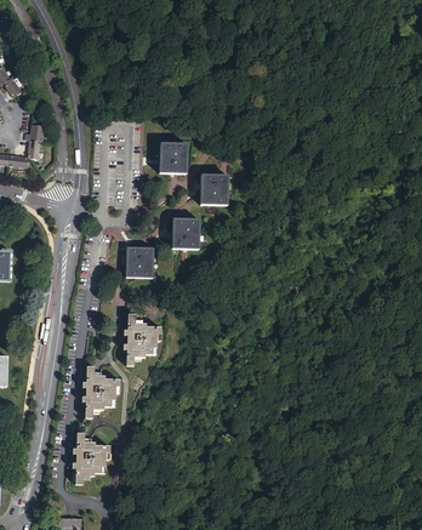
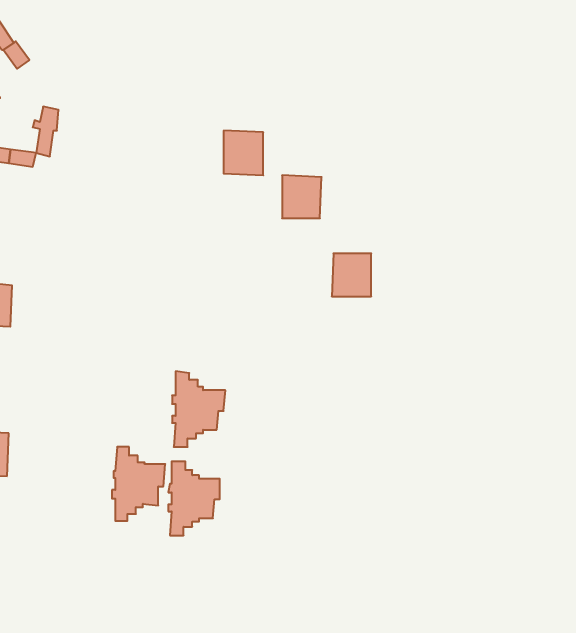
building: [172,220,200,250] -> [332,253,371,296]
building: [125,249,153,279] -> none
building: [73,433,109,485] -> [168,461,220,535]

